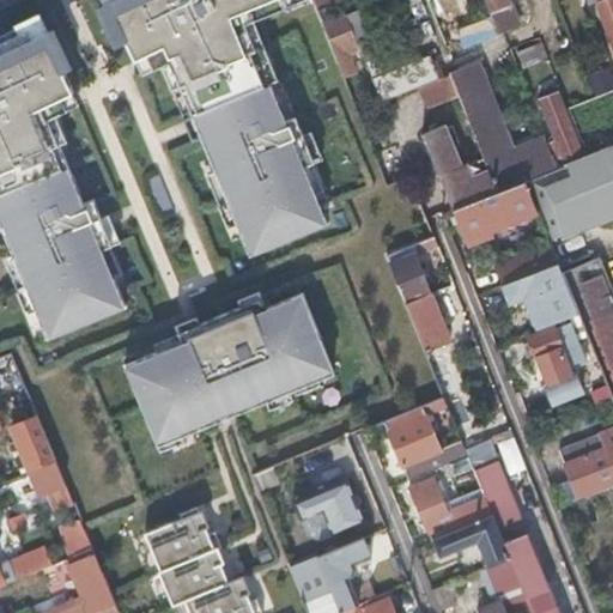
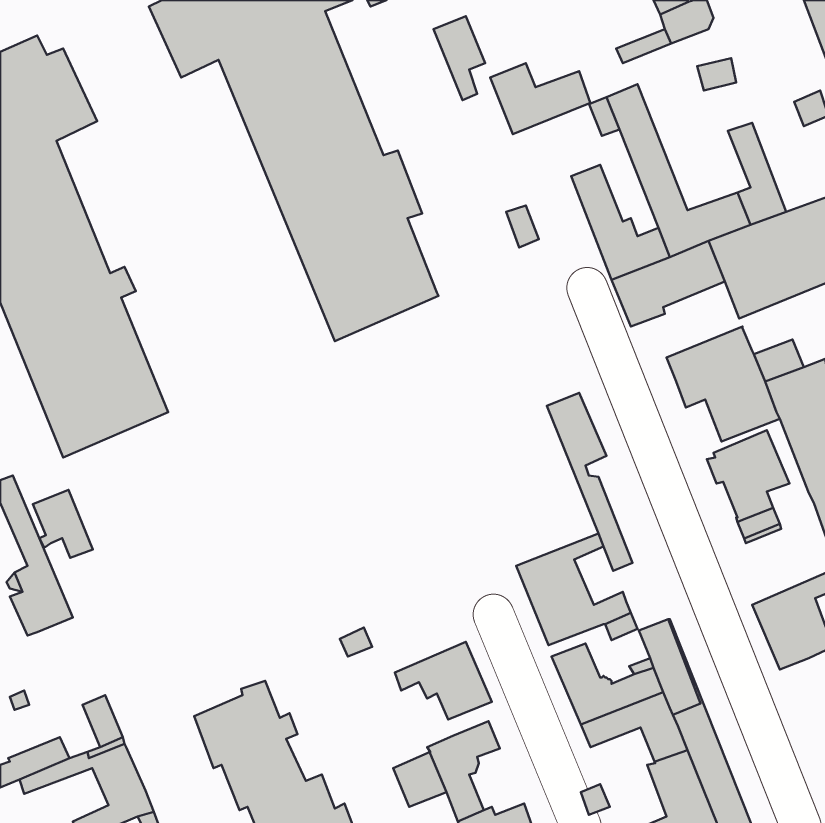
building: [386,237,438,303] -> none
building: [126,291,334,442] -> none
building: [29,460,73,510] -> [33,490,93,558]

